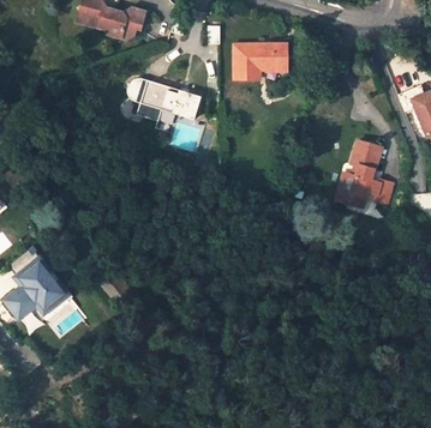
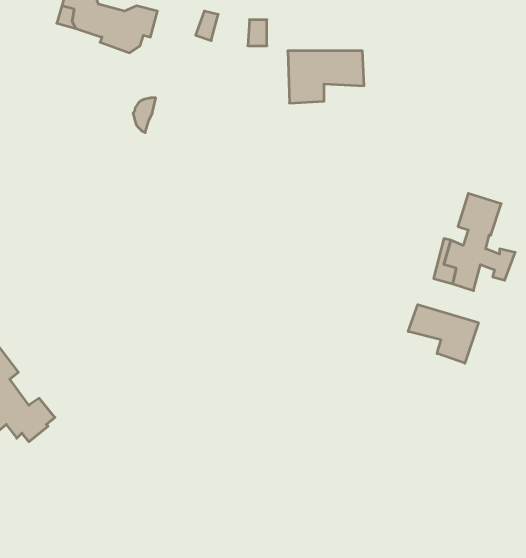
building: [138,77,203,119] -> none
building: none -> [408,305,478,363]

